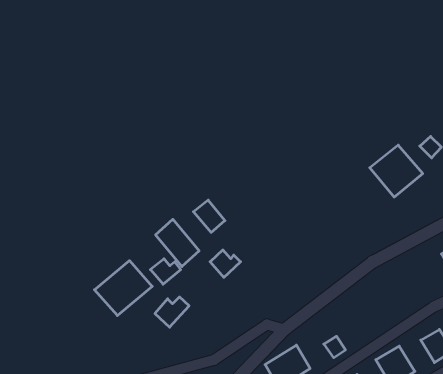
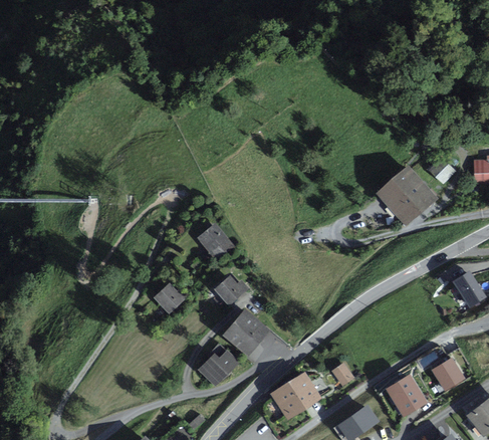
building: [156,219,199,267] -> none
building: [94,261,152,316] -> none
building: none -> [226,311,266,352]
building: [155,297,189,327] -> [201,353,236,384]

